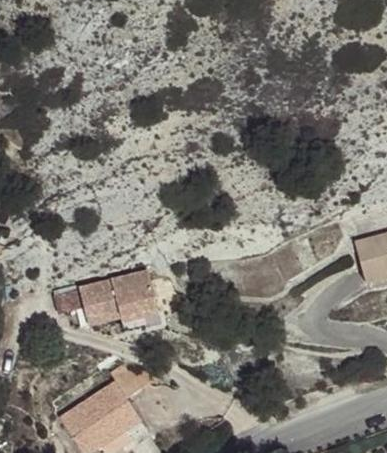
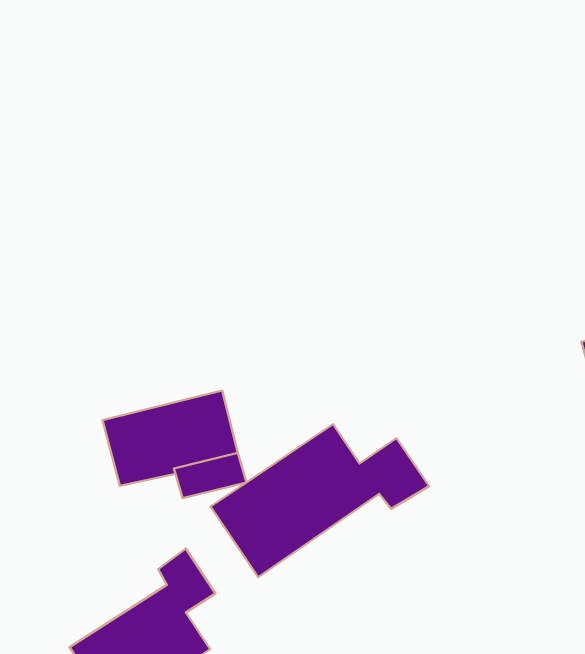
building: none -> [210,424,429,577]

